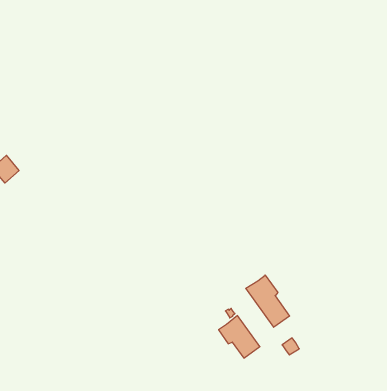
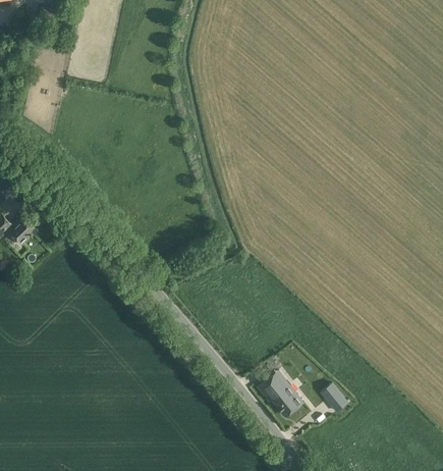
building: [246,275,290,327] -> none

